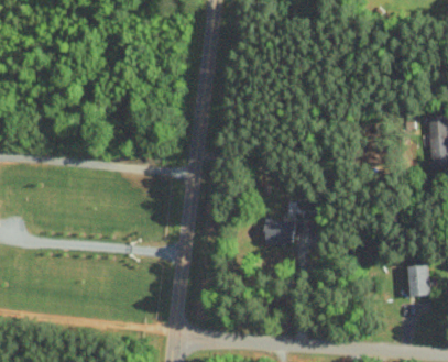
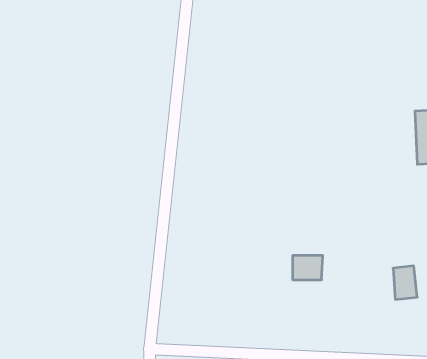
building: [264,221,293,244] -> [293,256,323,280]

